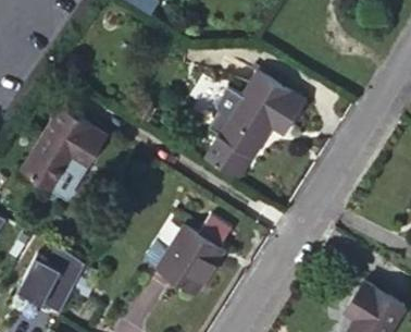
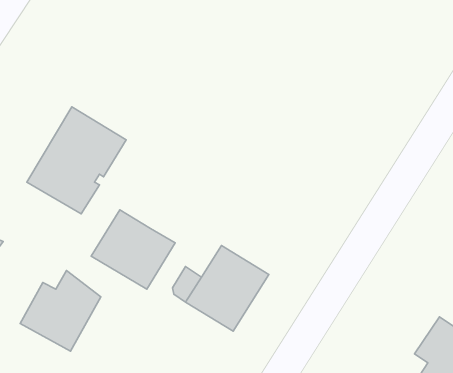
building: [200,72,306,177] -> none
building: none -> [91,210,175,289]

